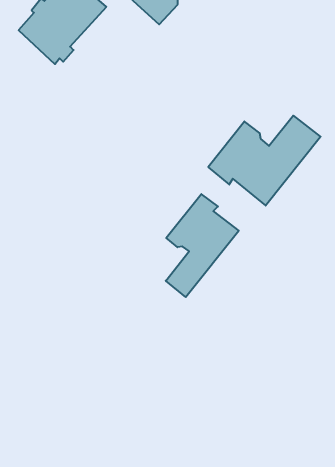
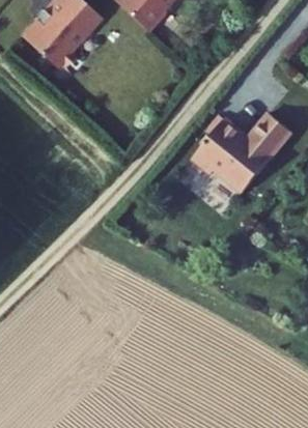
building: [166,194,239,297] -> none

